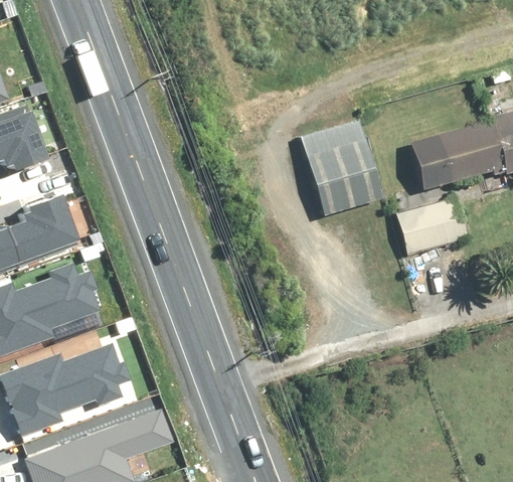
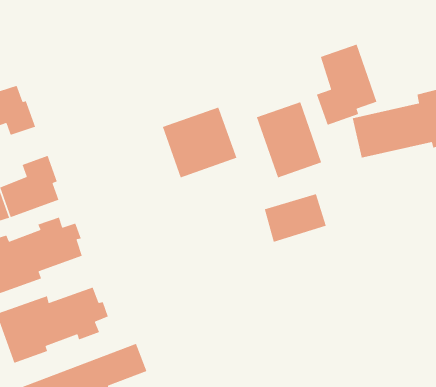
building: none -> [316,43,377,126]
building: none -> [162,106,237,178]
building: [396,199,470,257] -> [264,193,327,243]

